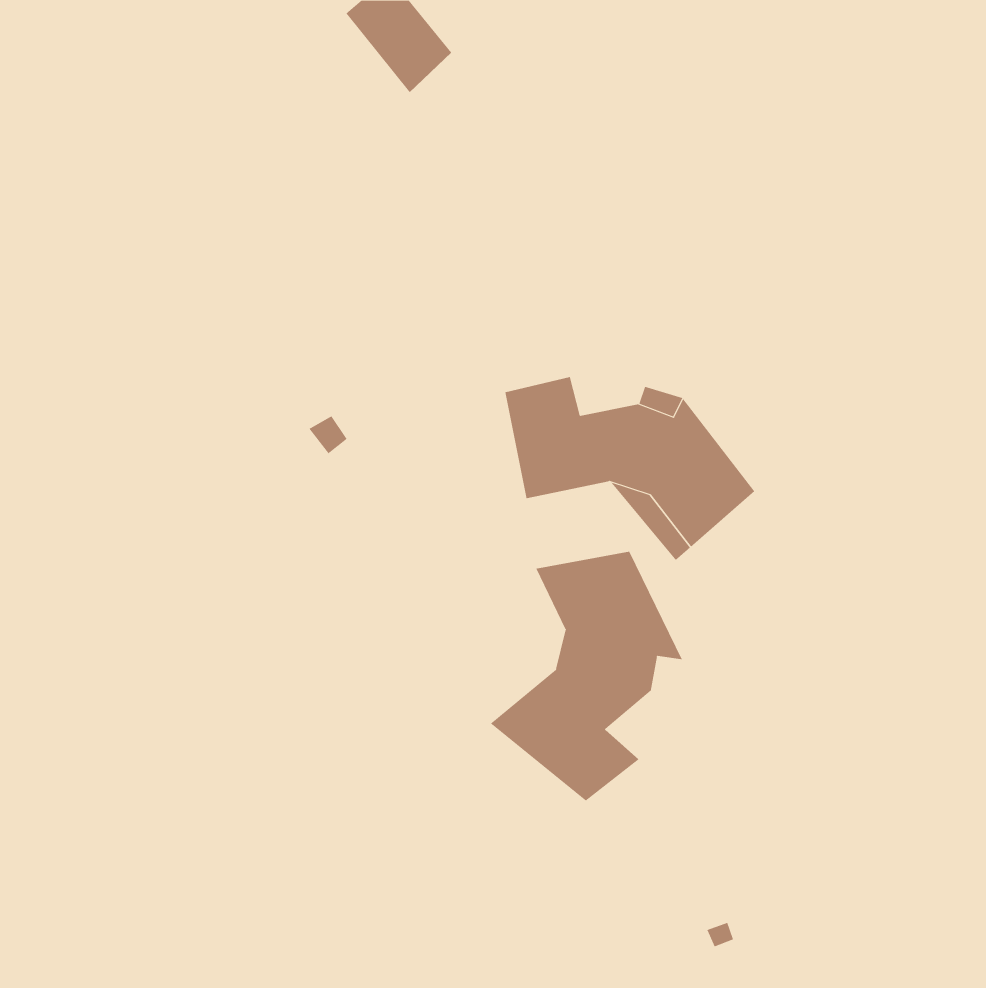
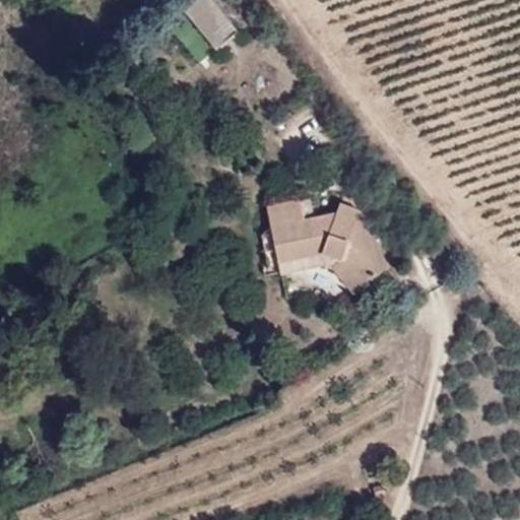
building: [490,551,683,801] -> none

